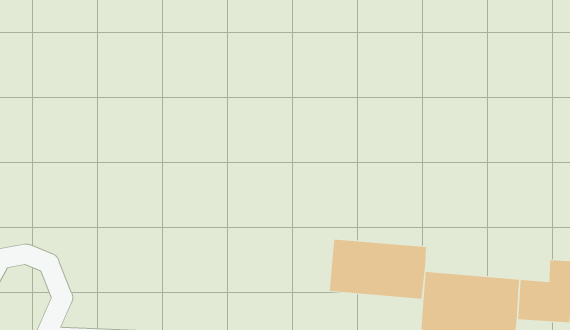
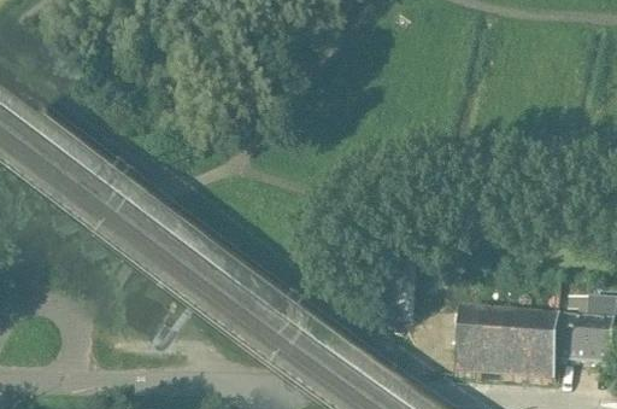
building: [329,239,427,299] -> none

